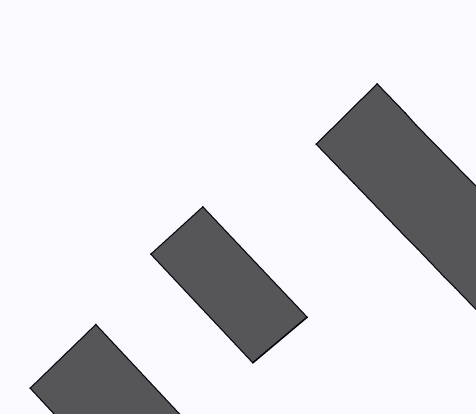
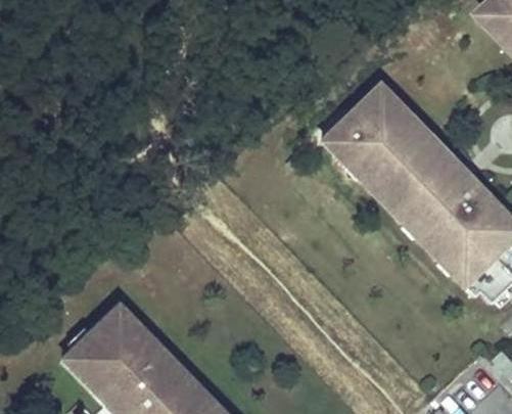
building: [151,207,307,363] -> none

